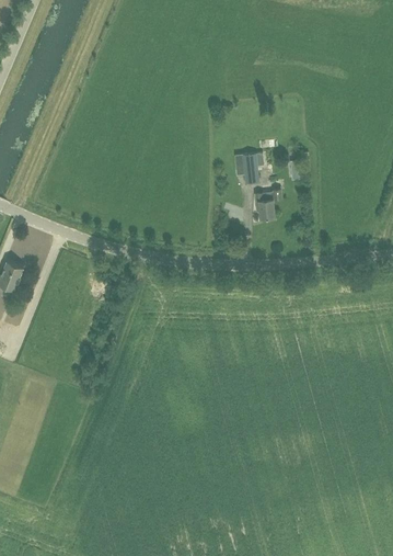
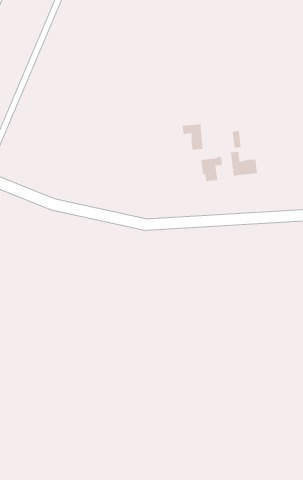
building: none -> [231,151,258,177]

